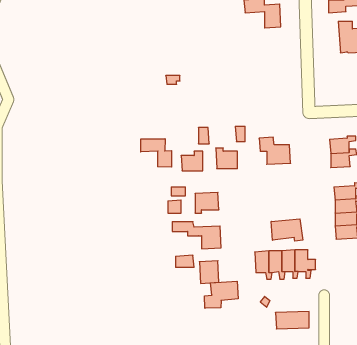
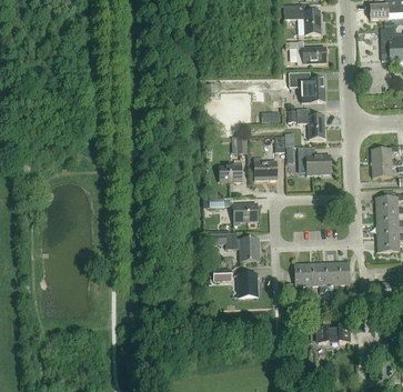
building: none -> [285,41,326,63]
building: none -> [289,72,325,102]
building: none -> [296,108,325,139]
building: [141,139,172,167] -> none
building: [271,219,303,241] -> none
building: [205,281,238,308] -> none

